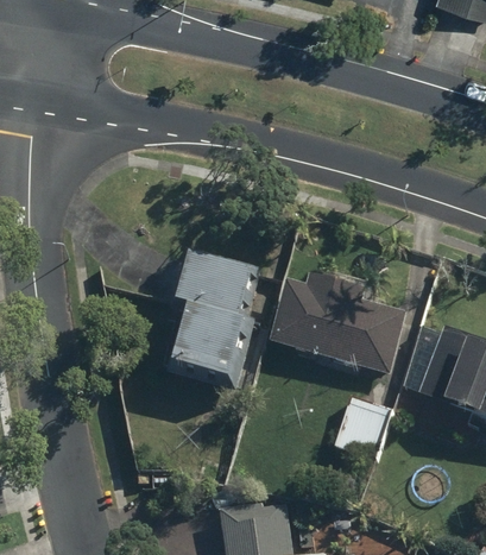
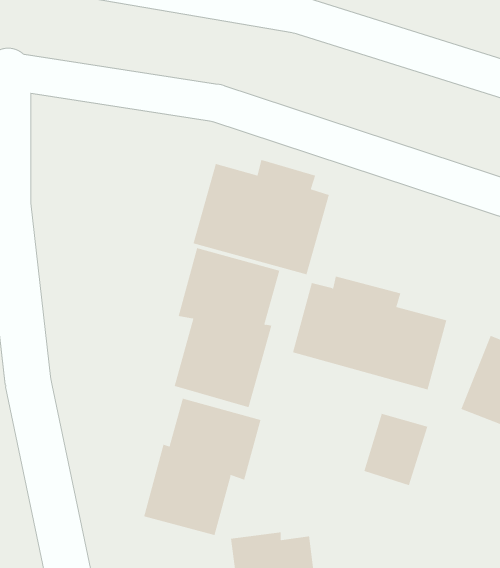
building: none -> [193,159,329,275]
building: none -> [143,398,261,536]

